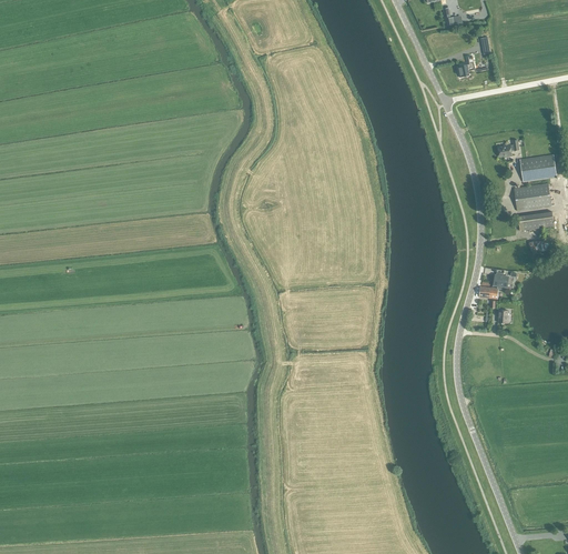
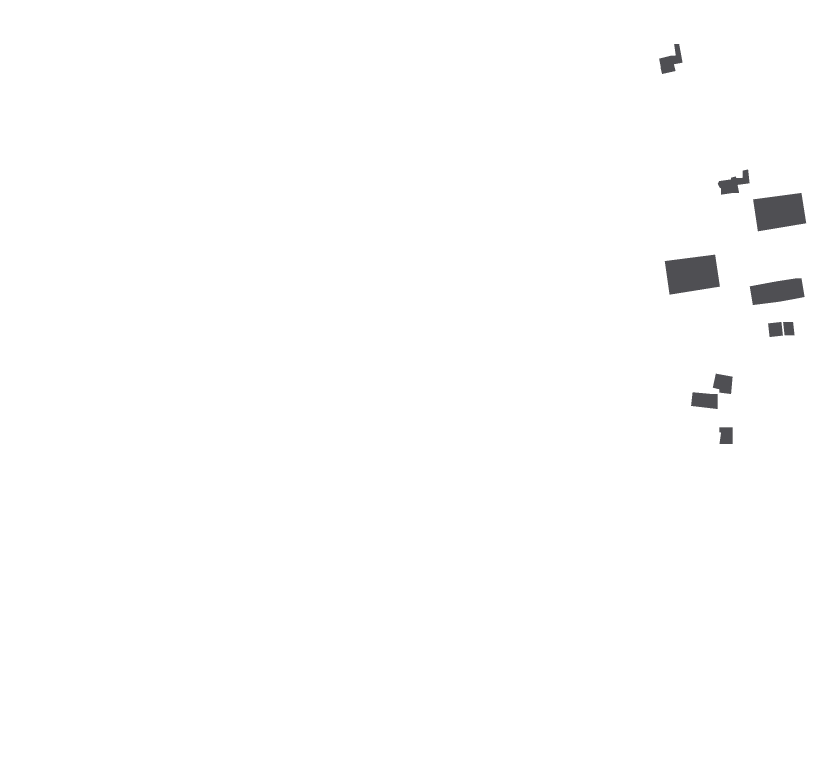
building: [513,183,550,211] -> [664,254,721,296]

